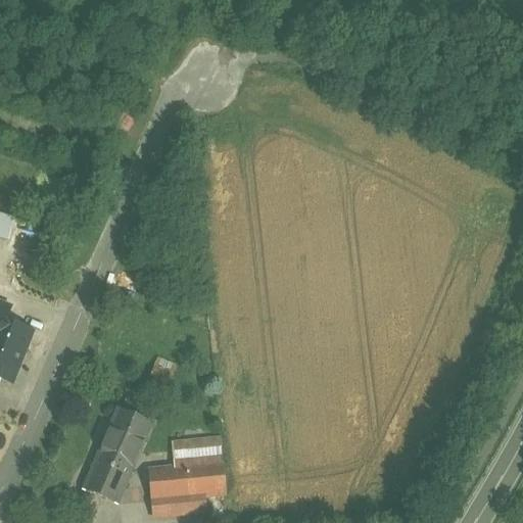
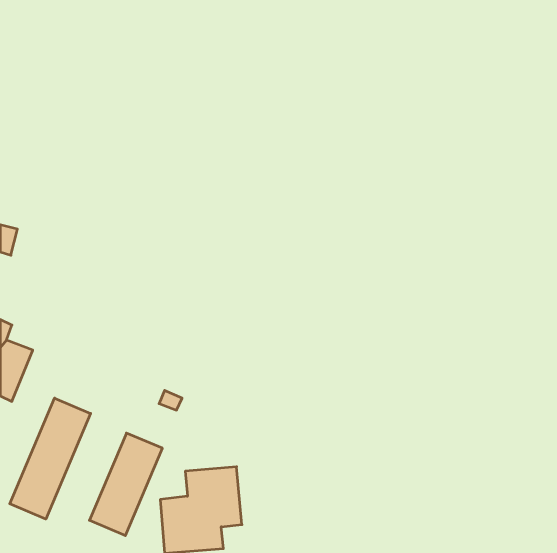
building: none -> [10,398,91,519]

